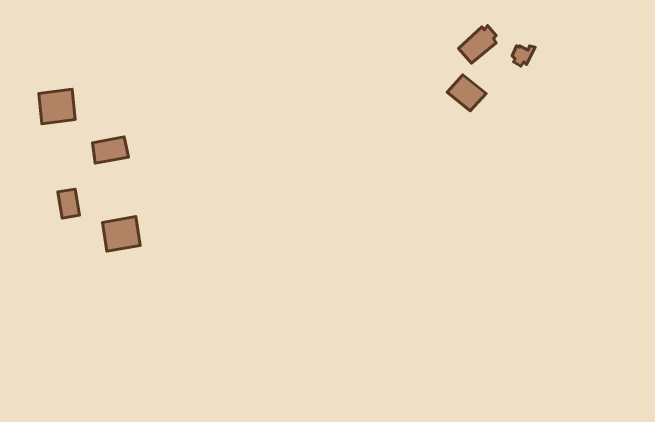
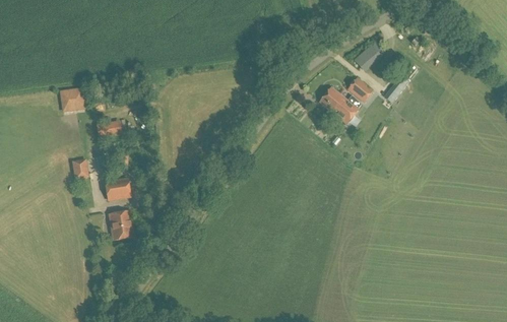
building: none -> [319,87,361,123]
building: none -> [110,212,133,238]

